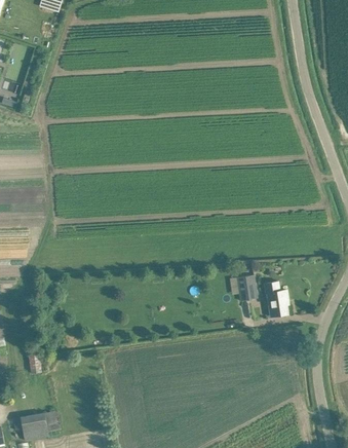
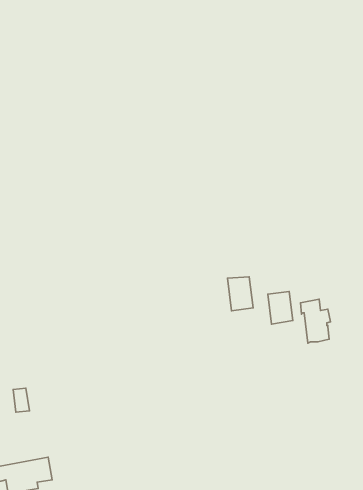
building: none -> [227,277,253,311]

